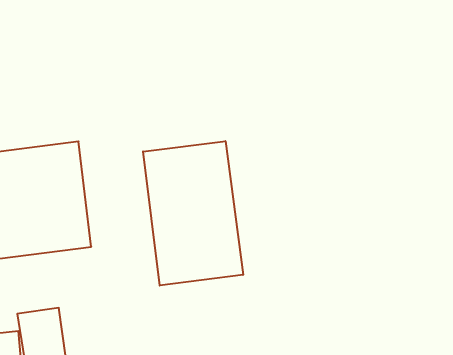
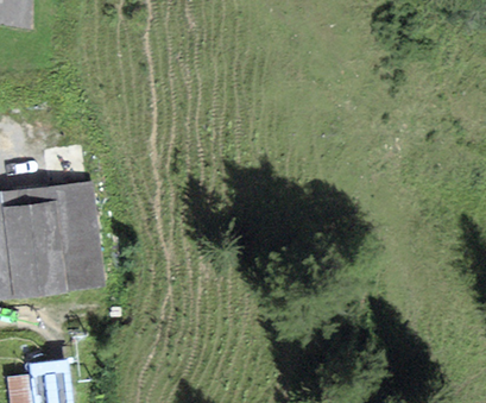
building: [143,141,243,286] -> none

